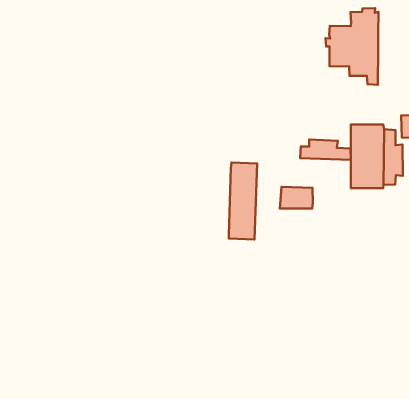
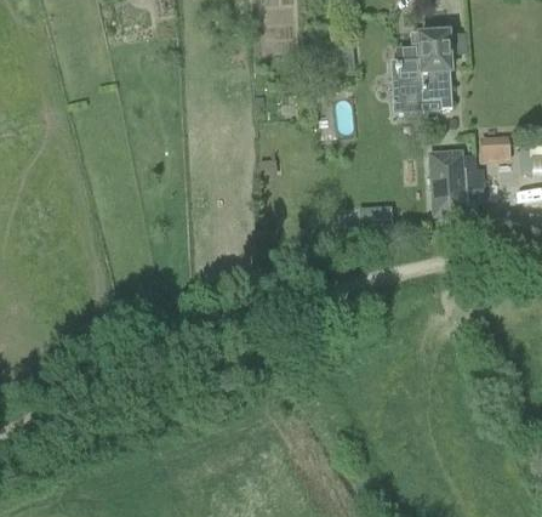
building: [300,139,351,160] -> none
building: [229,163,257,239] -> none

